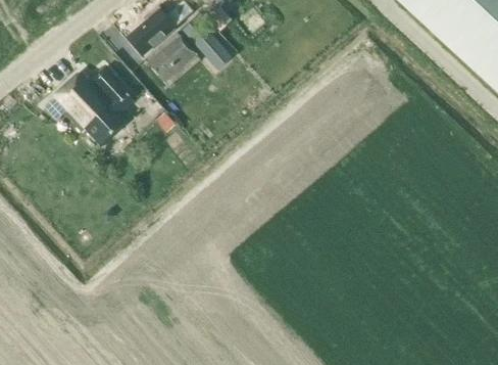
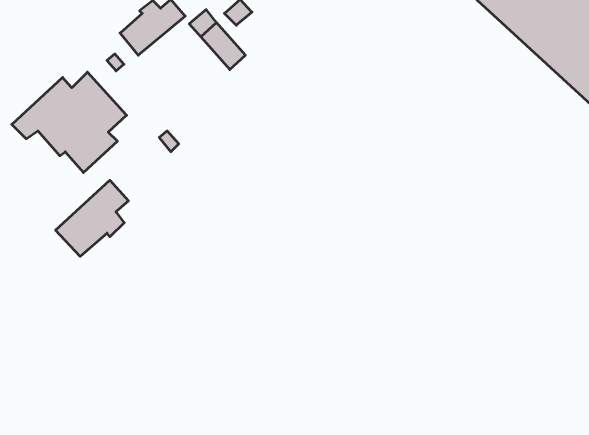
building: [145,31,200,85] -> none
building: none -> [56,180,128,256]

